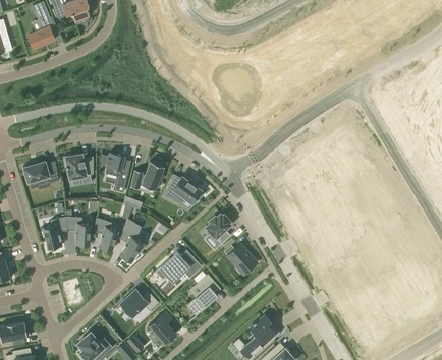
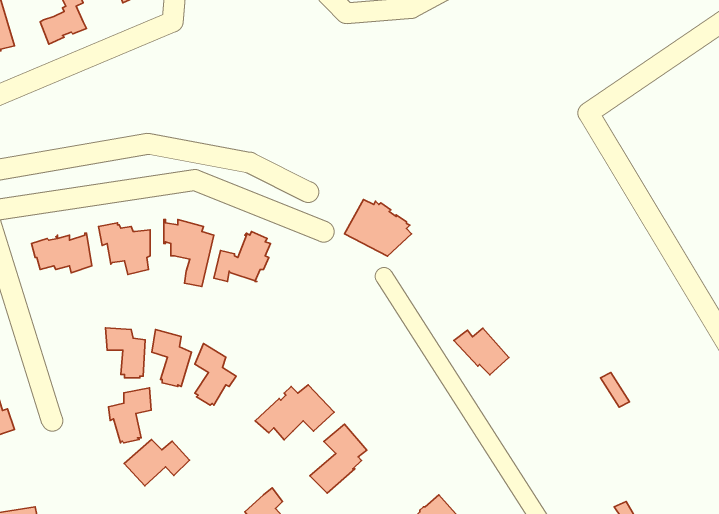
building: [163,175,203,208] -> [345,199,412,256]
building: [206,214,230,244] -> none
building: [42,217,67,249] -> [108,388,151,443]
building: [223,244,256,272] -> [454,328,509,375]
building: [119,290,158,317] -> [124,439,189,486]

